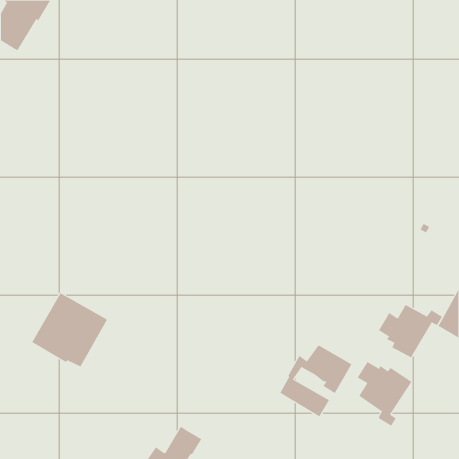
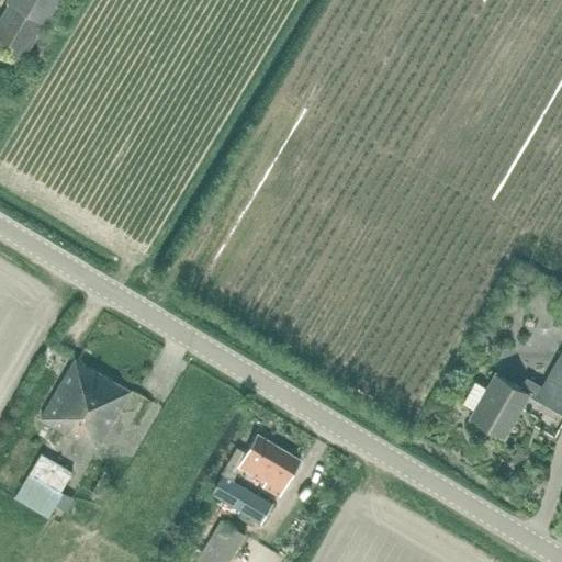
building: [279,344,352,417] -> [211,436,300,525]
building: [357,361,412,426] -> none
building: none -> [13,454,72,519]

